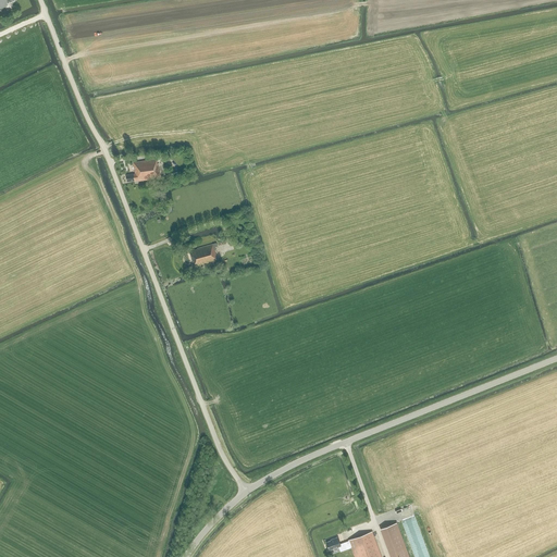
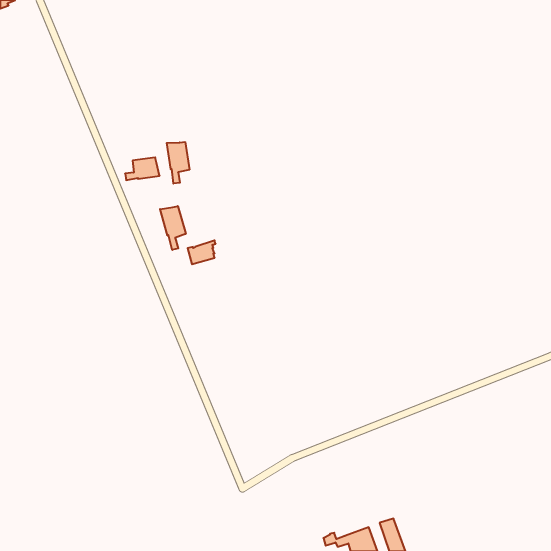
building: none -> [167,142,189,184]
building: none -> [160,206,186,250]

